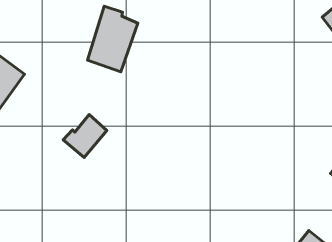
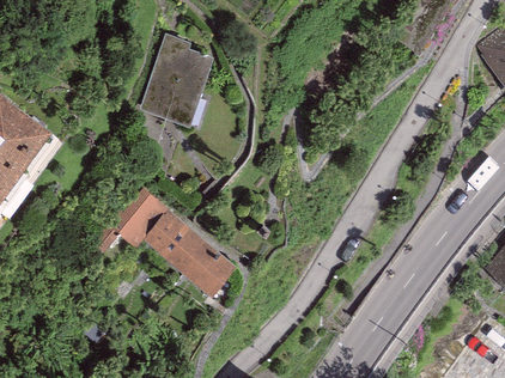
building: none -> [144,212,237,297]

